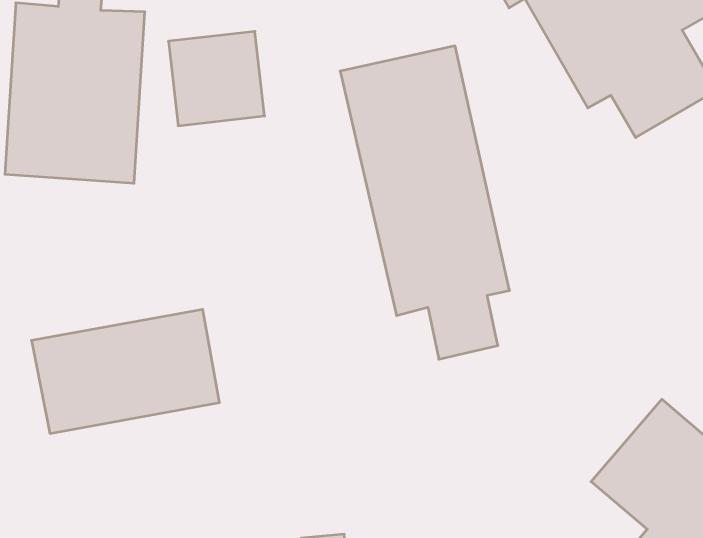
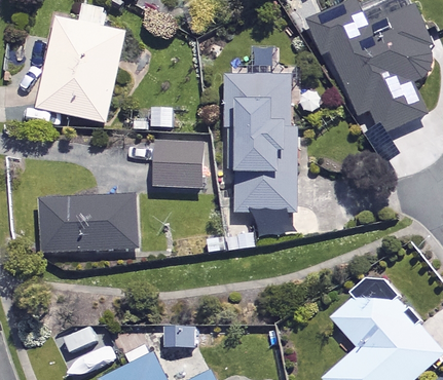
building: [168,31,265,126] -> [153,141,201,188]

